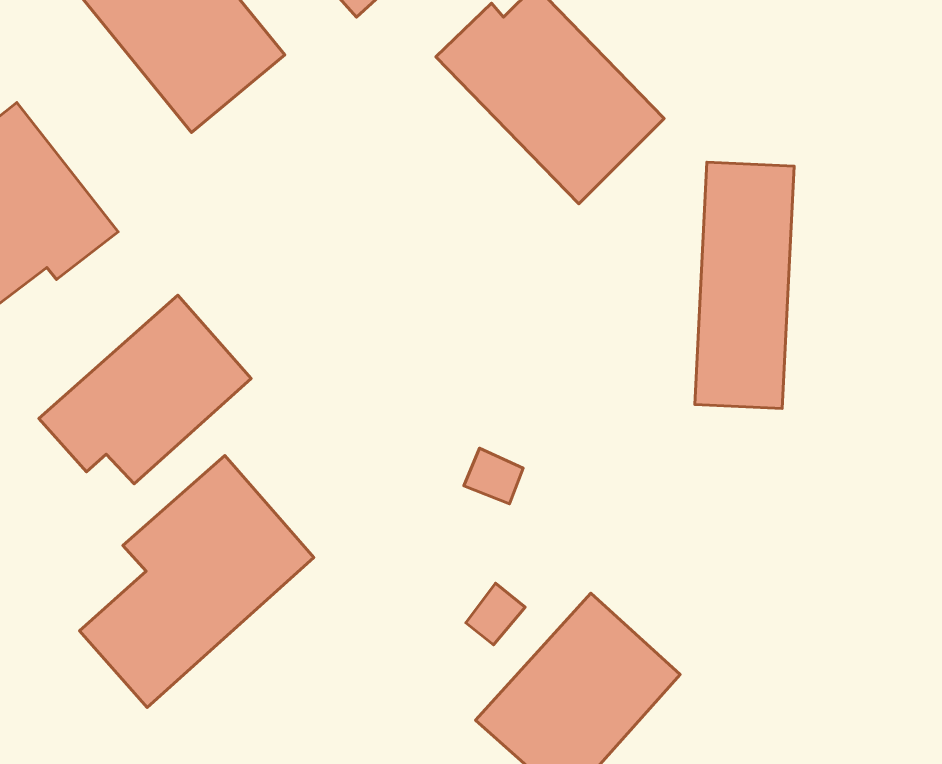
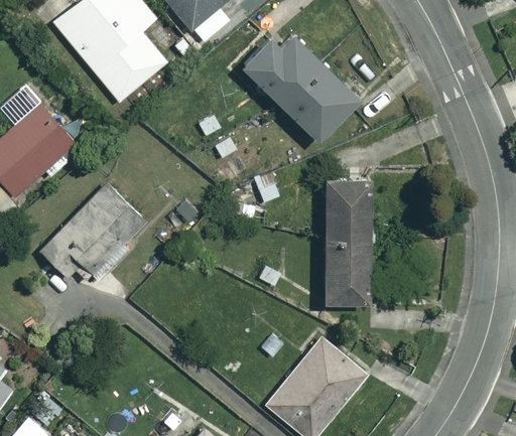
building: [695,162,794,408] -> [320,175,371,300]
building: [79,456,314,707] -> none

